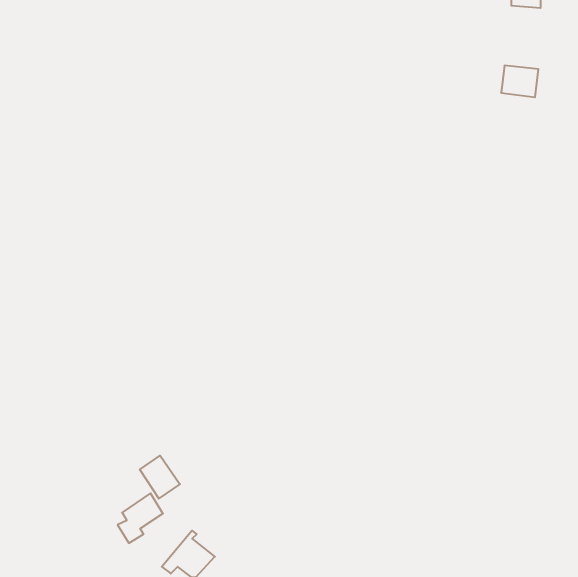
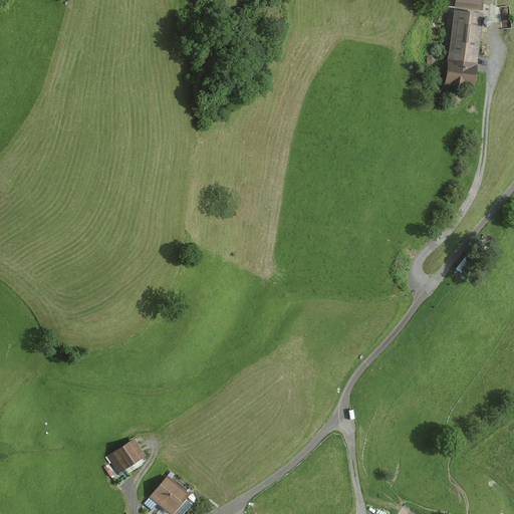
building: none -> [448,11,481,61]
building: [140,456,180,499] -> none

